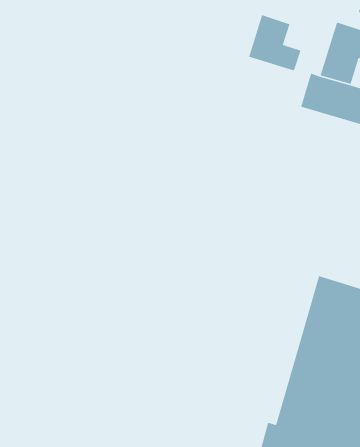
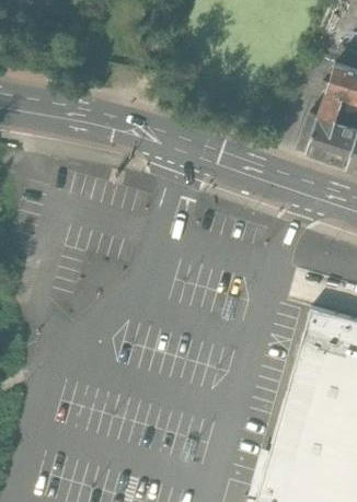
building: [248,14,302,71] -> none

